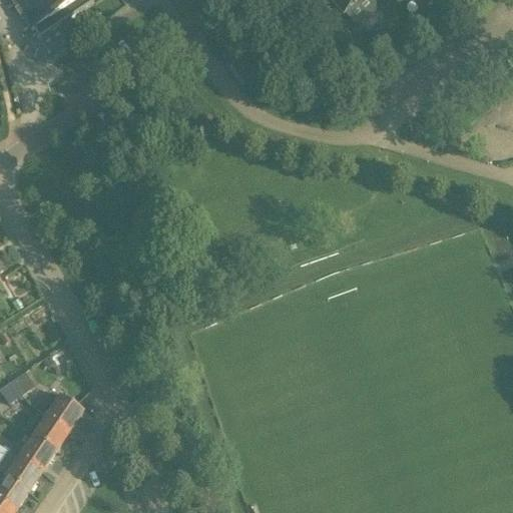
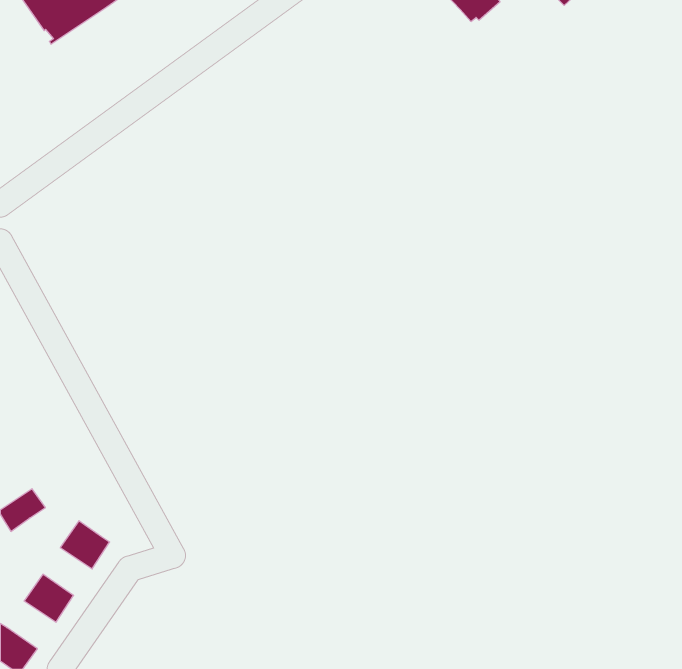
building: [33,411,70,447] -> none
building: [6,451,43,487] -> none

